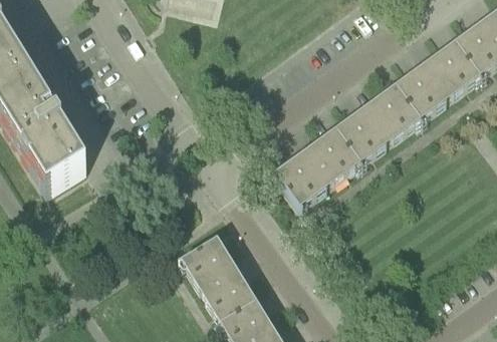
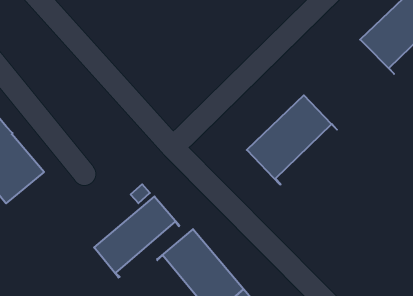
building: [336,85,423,165] -> none
building: none -> [94,196,179,278]

